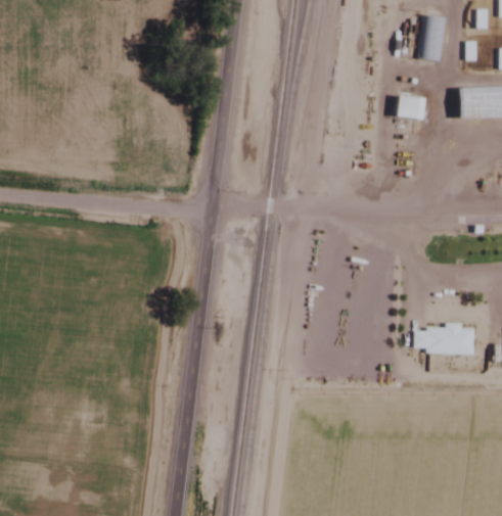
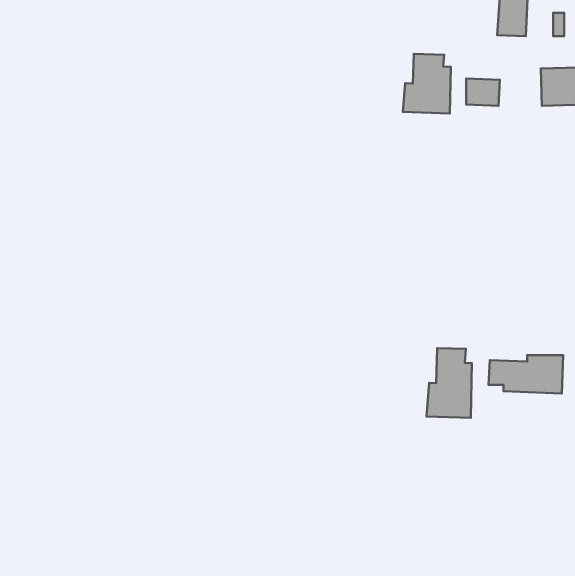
building: none -> [403,54,451,114]
building: none -> [427,348,472,418]

